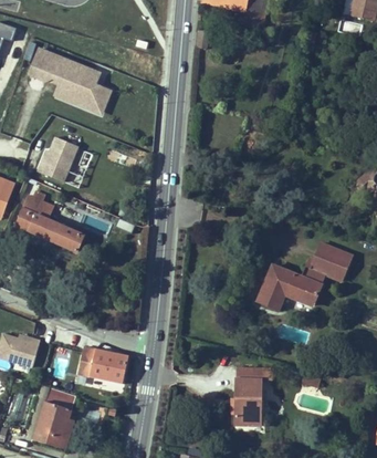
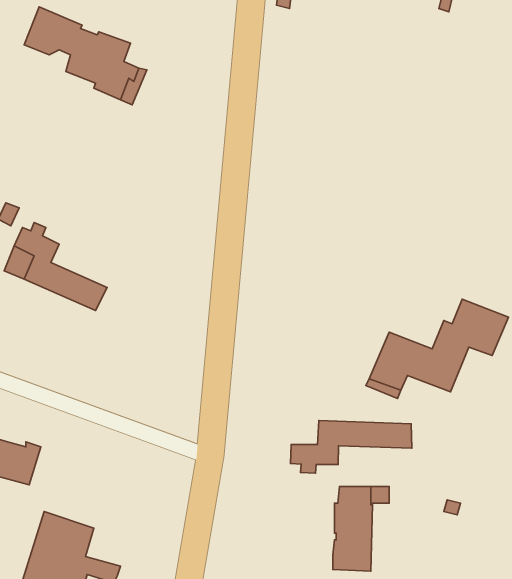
building: [38,136,77,181] -> none
building: none -> [291,421,412,473]
building: [77,345,128,383] -> none

